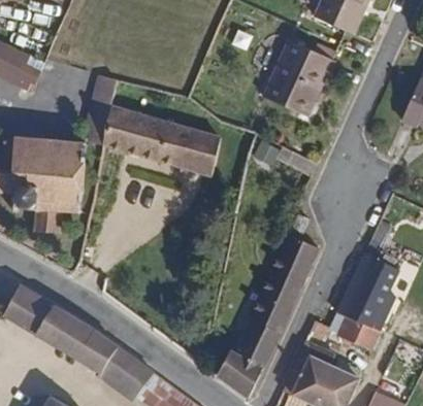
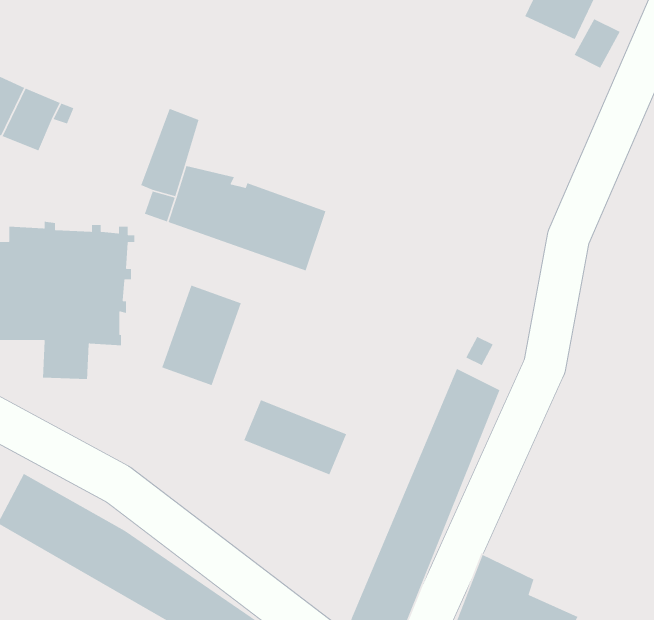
building: [269,33,336,108] -> none
building: none -> [161,285,242,386]
building: none -> [243,399,347,475]
building: [323,247,397,351] -> none

